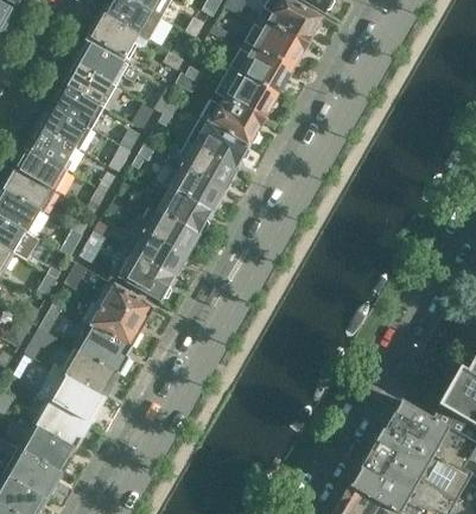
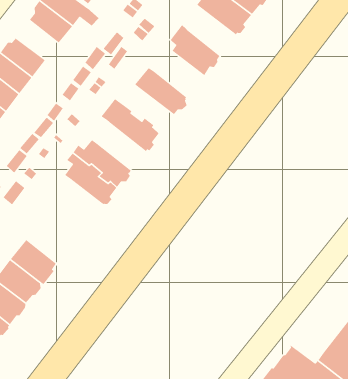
building: [230,43,292,95] -> none
building: [50,85,99,127] -> none
building: [201,97,264,146] -> none
building: [169,140,236,190] -> none
building: [150,184,211,235] -> none
building: [112,250,173,302] -> none
building: [88,285,154,349] -> none

